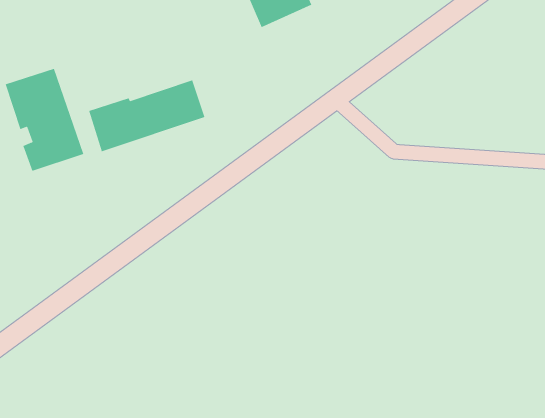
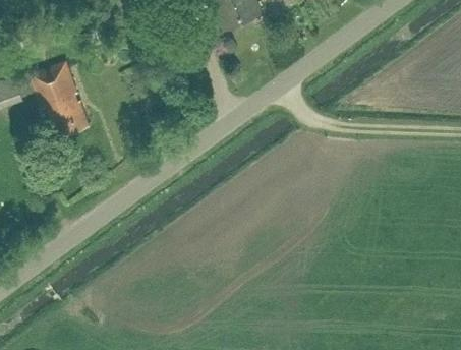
building: [89,80,205,152] -> none

